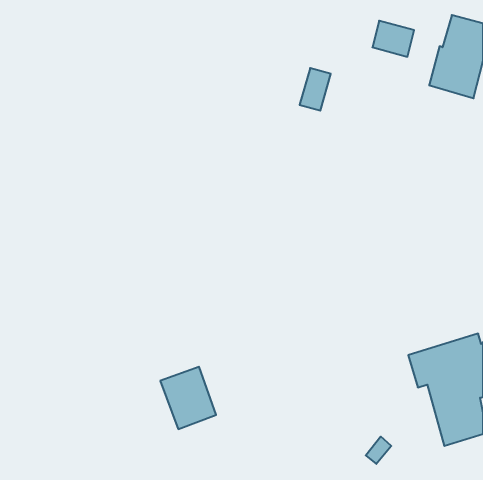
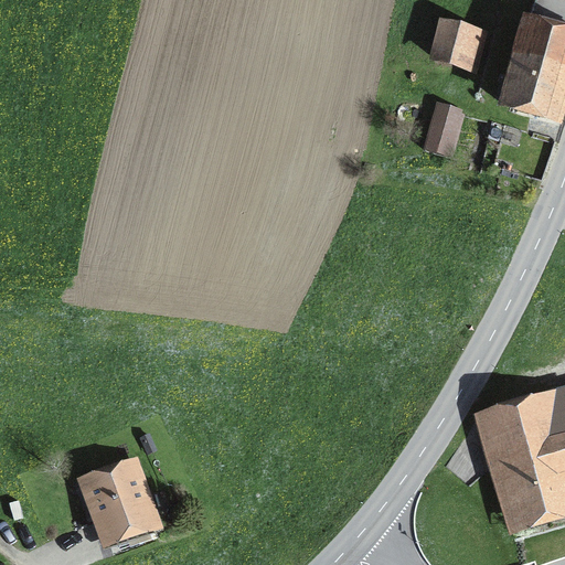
building: [300,68,331,111] -> [425,105,461,154]
building: [160,367,216,429] -> [87,466,152,539]

